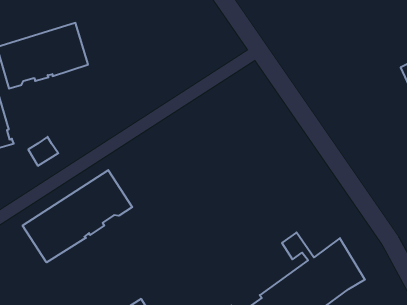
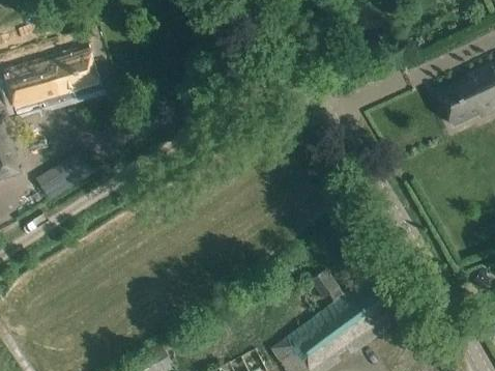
building: [23,170,132,262] -> none

